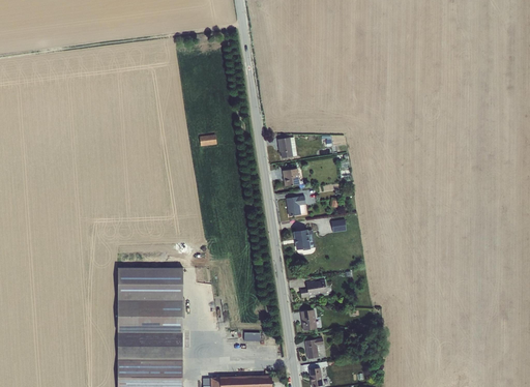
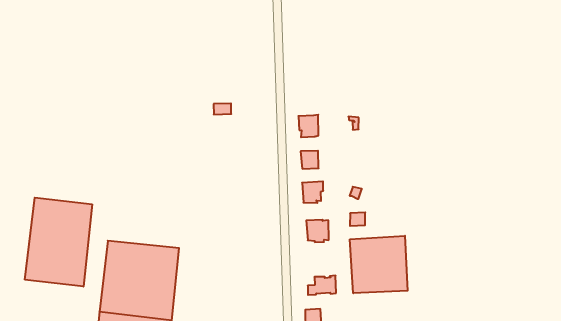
building: none -> [25,198,92,287]
building: none -> [350,236,408,293]

